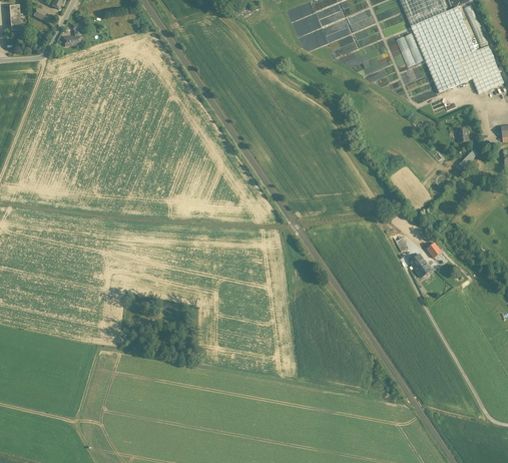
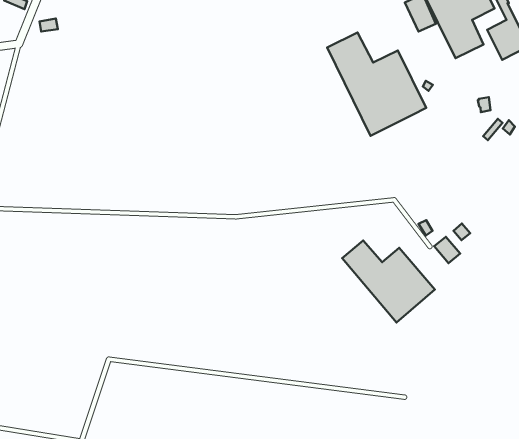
building: none -> [327,33,426,136]
building: none -> [342,241,435,322]

